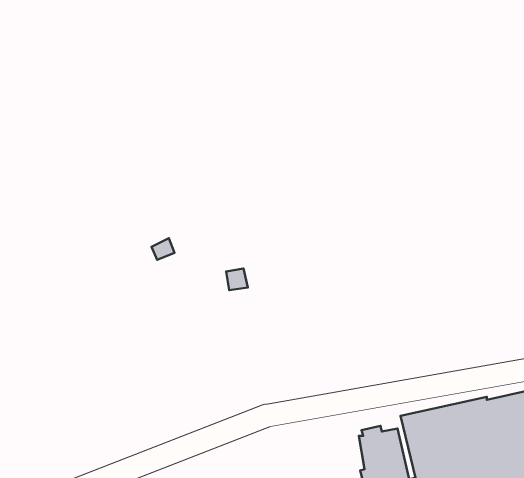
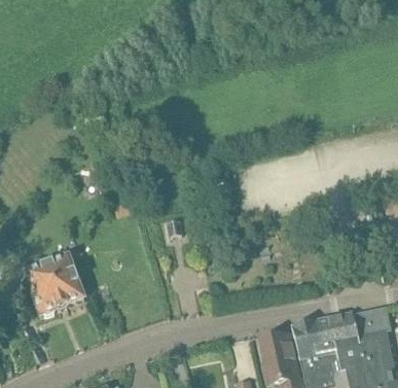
building: none -> [26,256,85,314]

